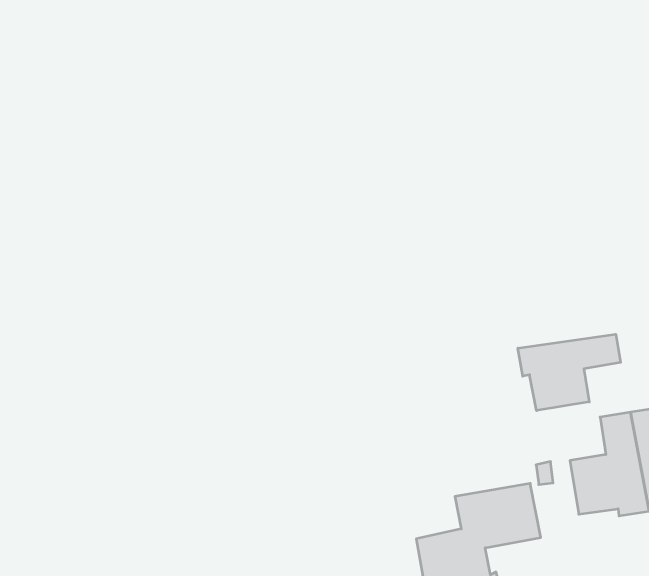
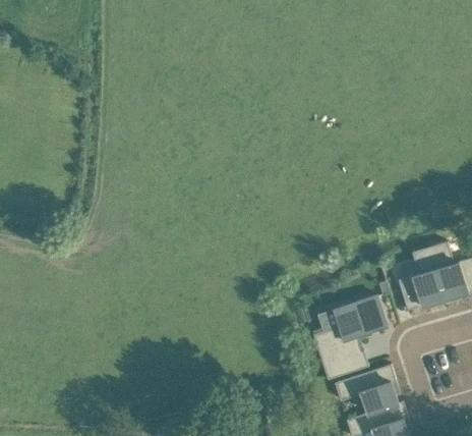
building: [518,334,621,411] -> none

